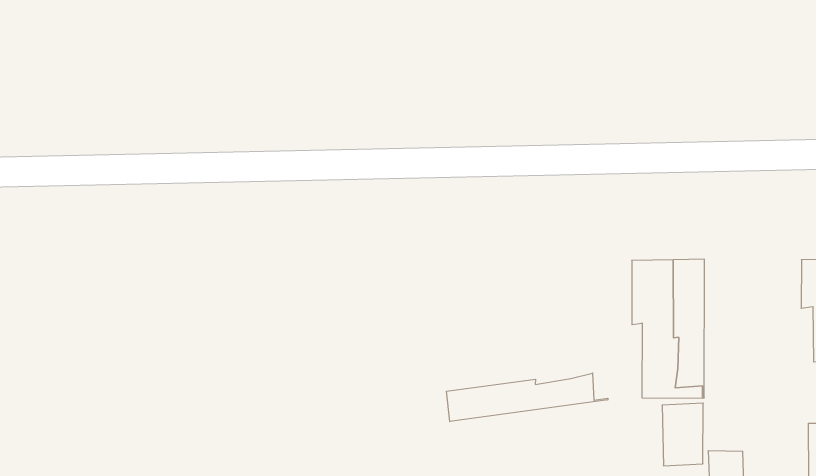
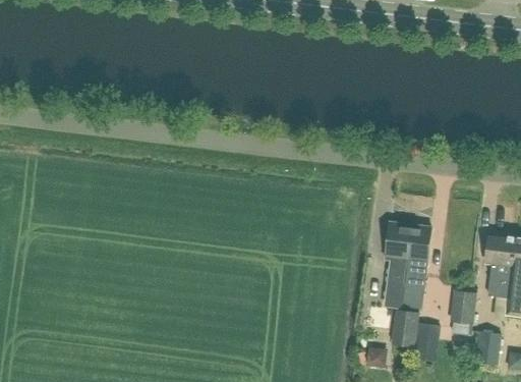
building: none -> [449,289,476,324]
building: [447,373,608,422] -> none

